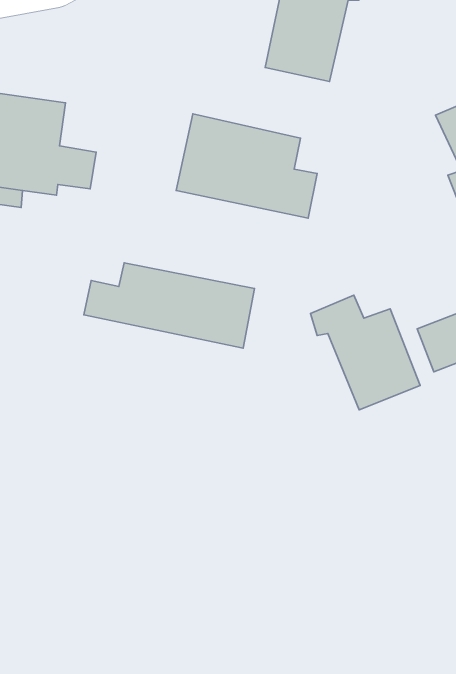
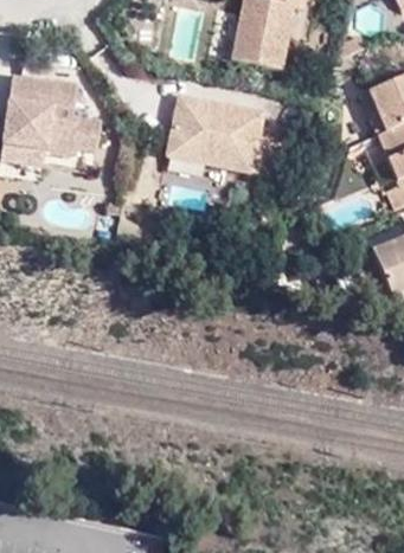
building: [84,263,254,348] -> none
building: [310,295,420,410] -> none

